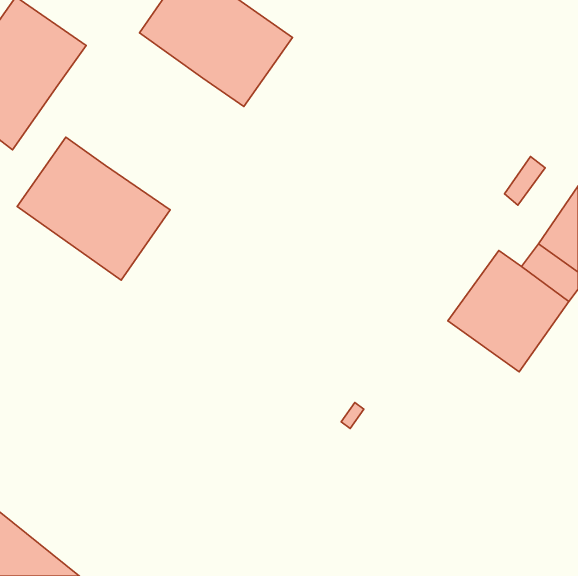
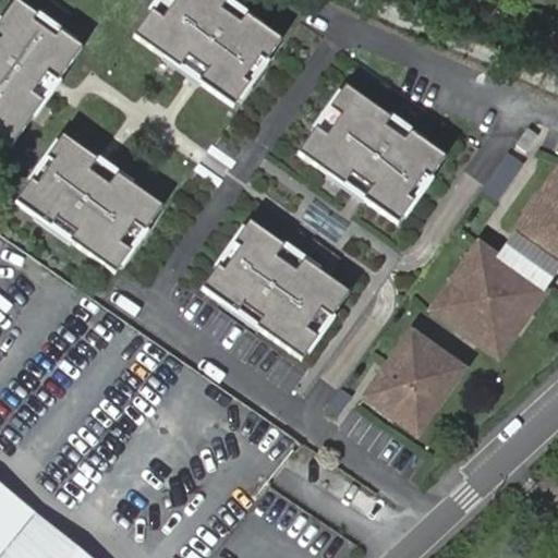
building: none -> [300,83,447,221]
building: none -> [203,218,350,355]
building: none -> [364,328,465,434]

